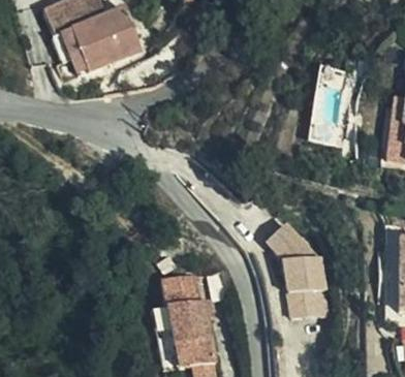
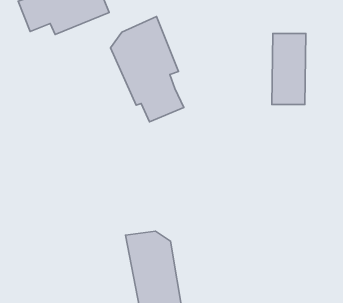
building: none -> [111,17,184,122]
building: [262,218,331,317] -> none

